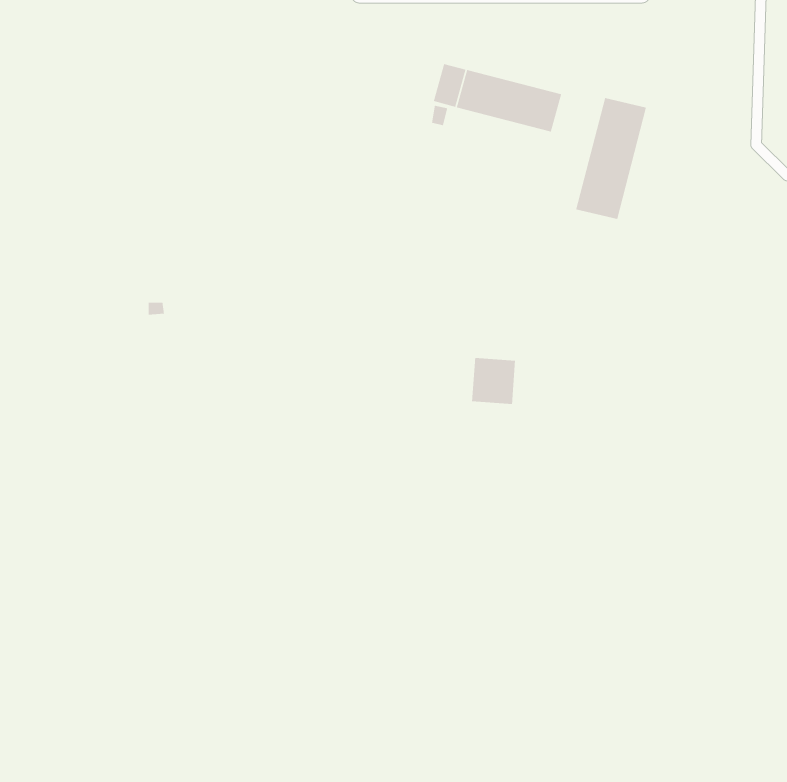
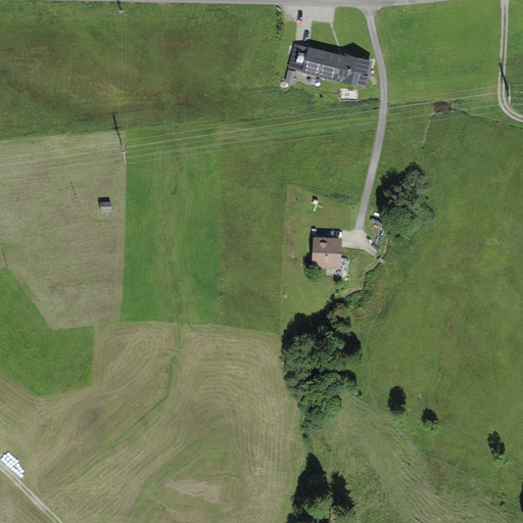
building: [575,97,647,220] -> none

